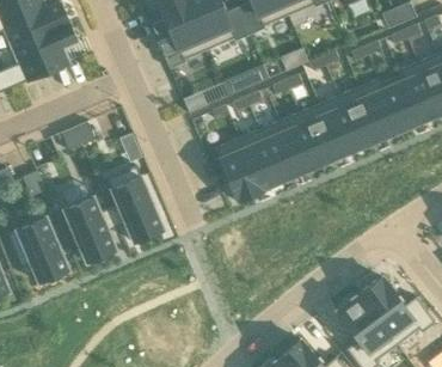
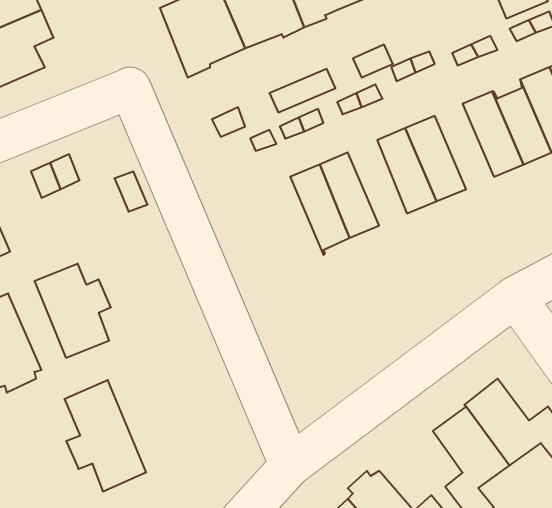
building: [339,87,380,146] -> none
building: [280,112,320,171] -> none
building: [215,137,263,201] -> none
building: [108,166,164,243] -> [64,380,146,491]

